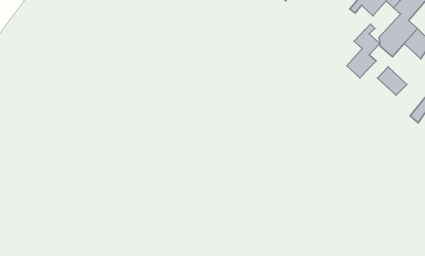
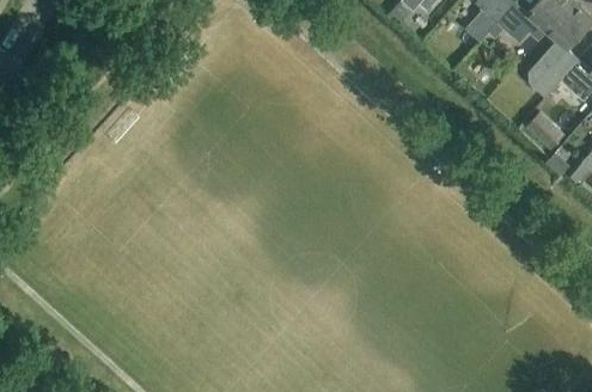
building: [347,24,380,78] -> none

